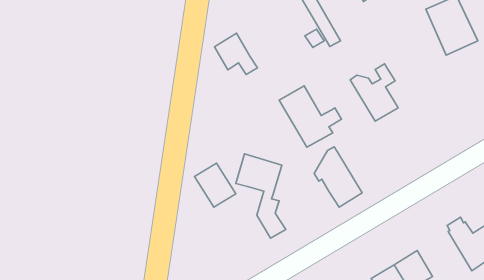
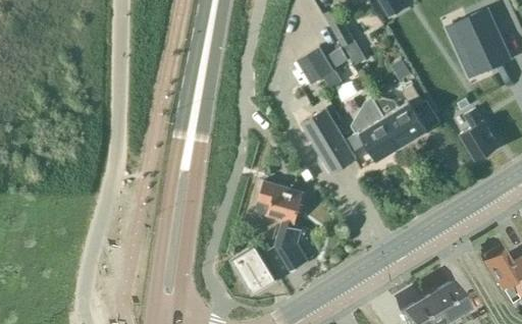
building: [214,33,258,74] -> [299,45,345,89]
building: none -> [463,107,502,159]
building: [314,147,362,207] -> [354,96,405,160]
building: [194,163,236,207] -> [234,246,278,292]

